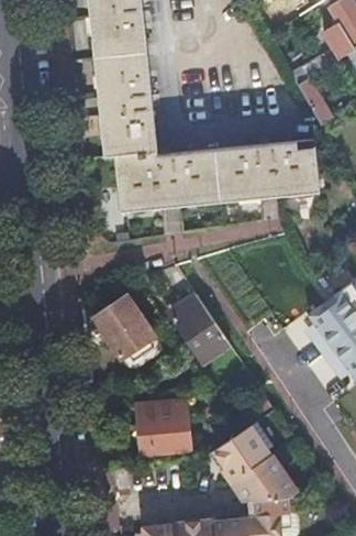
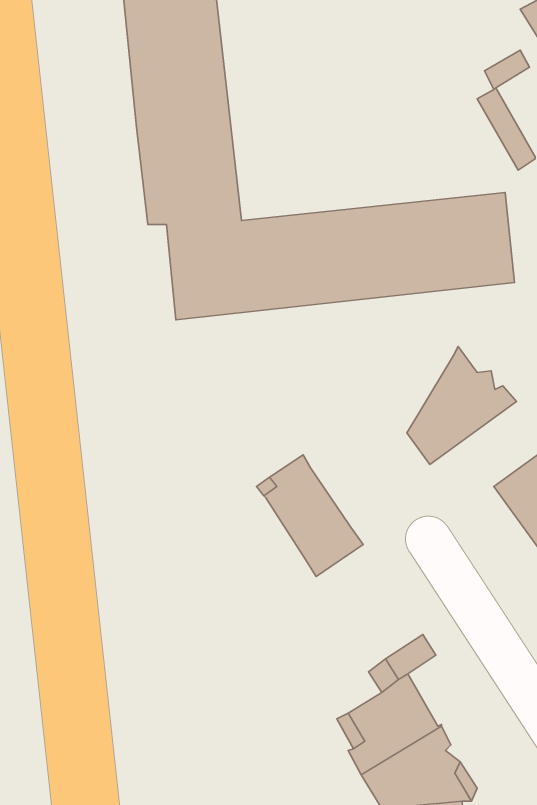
building: none -> [407,346,517,465]
building: [93,295,155,359] -> none
building: [134,400,190,453] -> none

